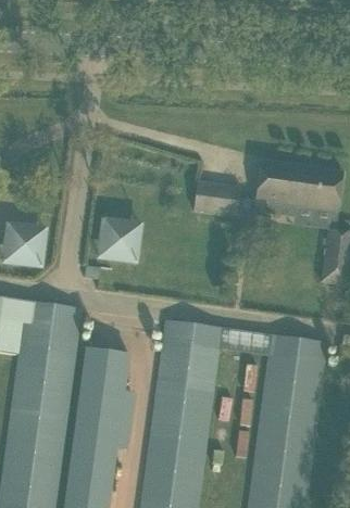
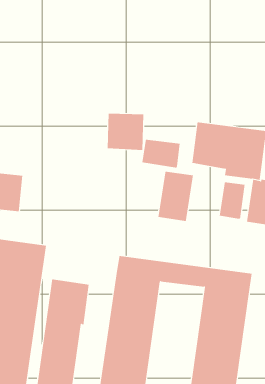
building: [102,219,147,264] -> [107,113,144,150]
building: none -> [158,171,194,222]
building: none -> [219,181,245,219]

